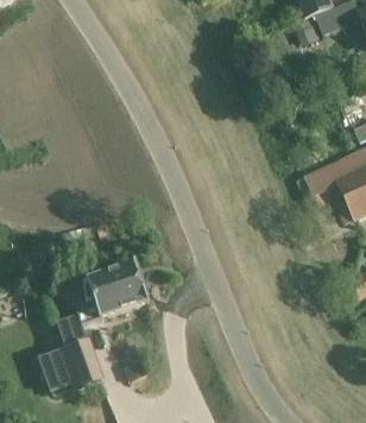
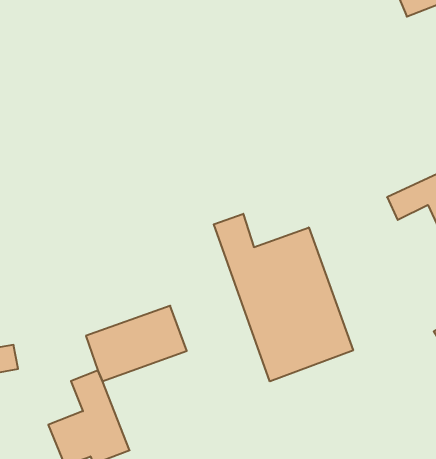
building: none -> [214,214,353,381]

